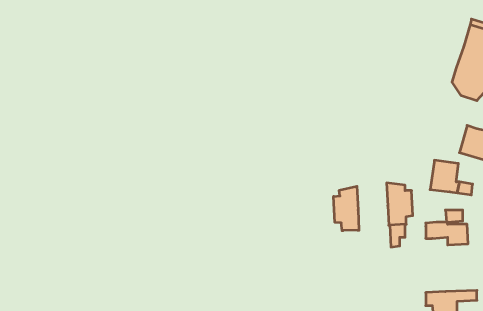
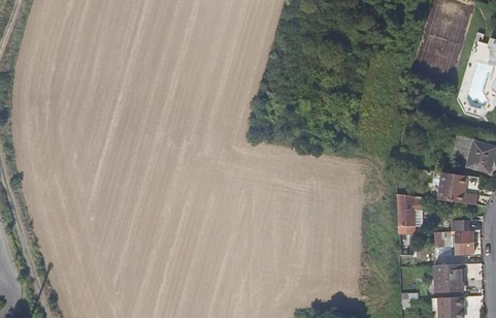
building: [334,186,359,231] -> none
building: none -> [436,263,465,291]

